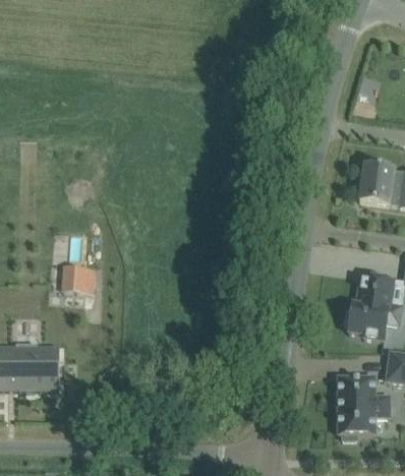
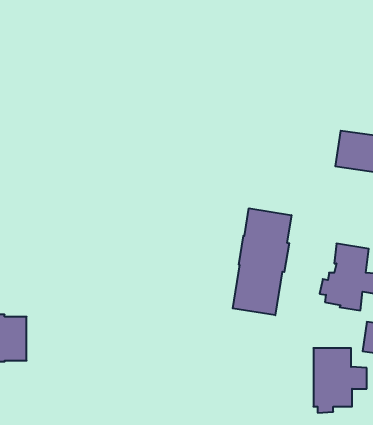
building: none -> [233,208,291,315]
building: [62,265,90,292] -> none

